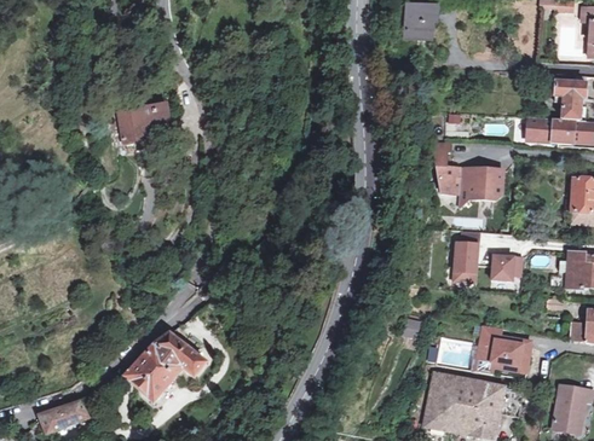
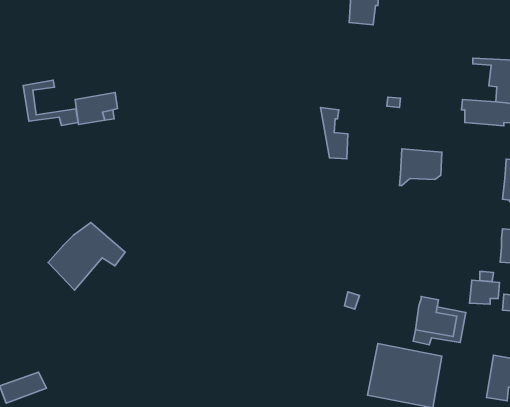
building: none -> [23,80,78,126]
building: [433,139,462,193] -> [320,107,348,159]
building: [454,231,479,282] -> none
building: [491,255,523,280] -> [470,280,499,304]
building: [125,332,206,404] -> [48,222,125,290]

